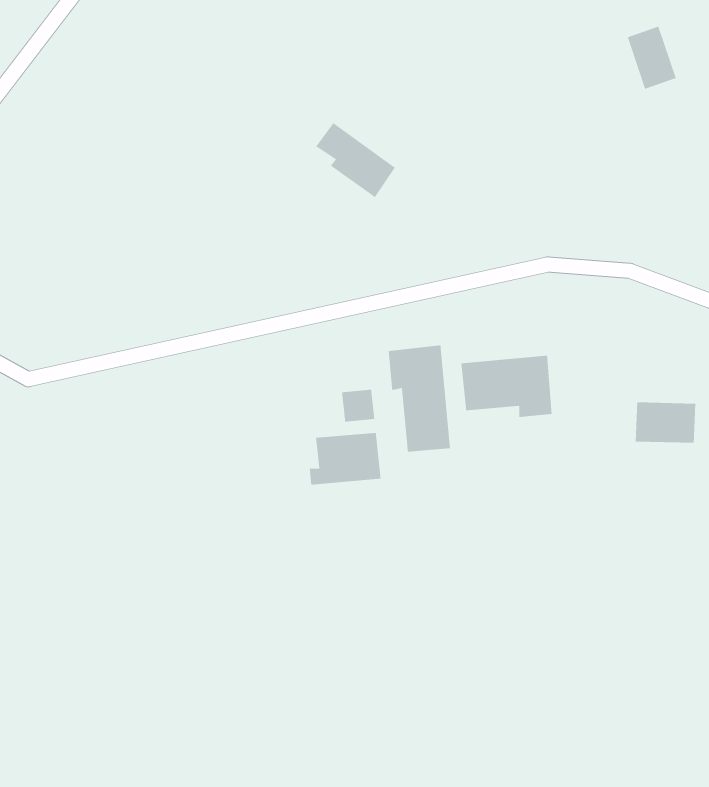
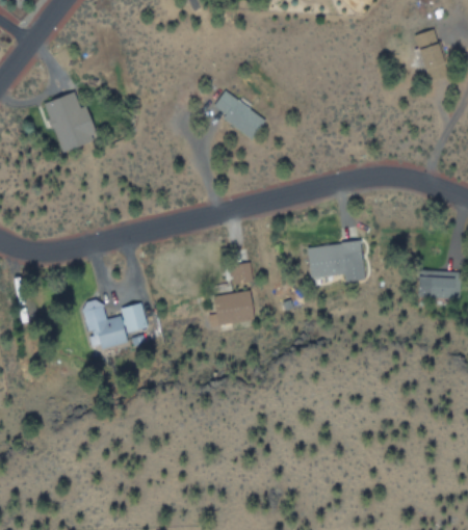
building: none -> [44,92,100,153]
building: [388,345,451,452] -> none
building: none -> [82,298,147,348]

